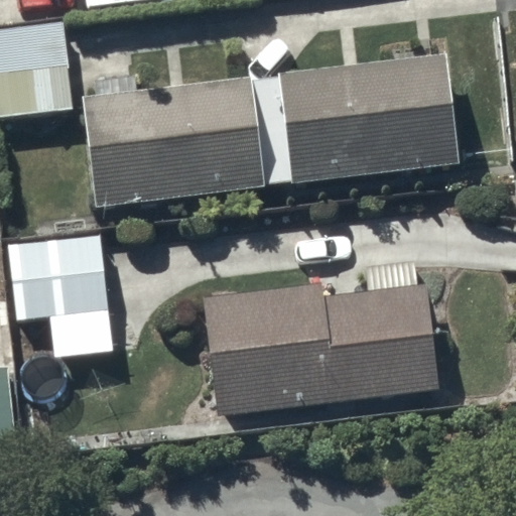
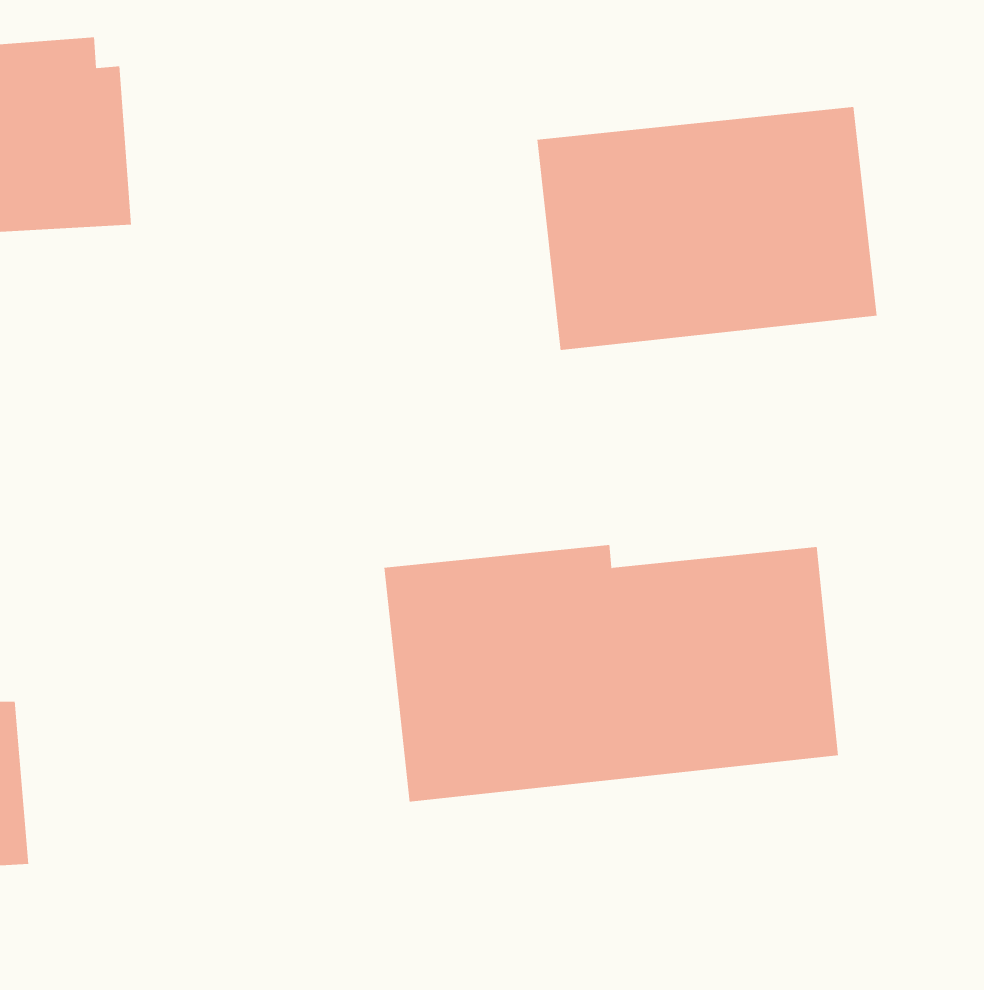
building: [84,73,267,203] -> none
building: [10,237,116,364] -> none

